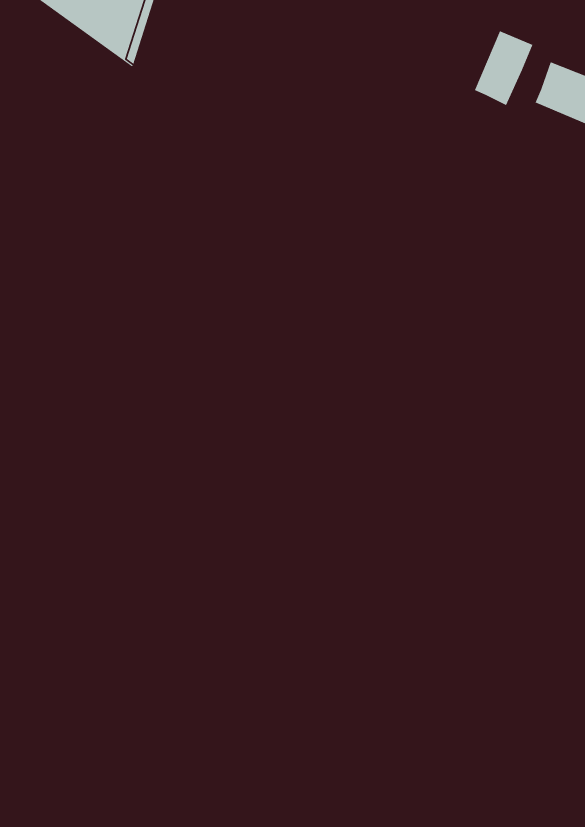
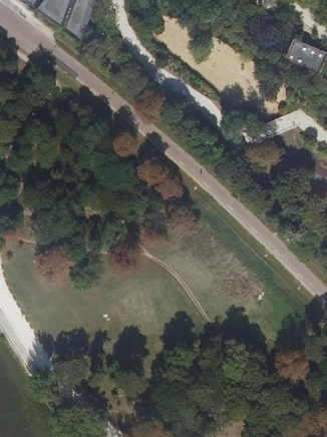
building: [474,30,533,106] -> none

